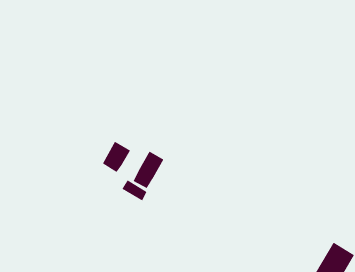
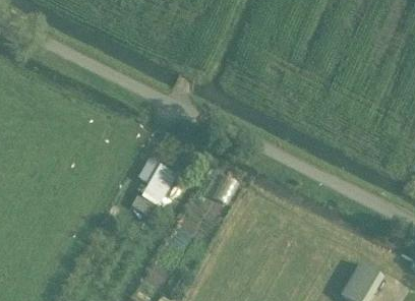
building: [102,141,131,173] -> none

